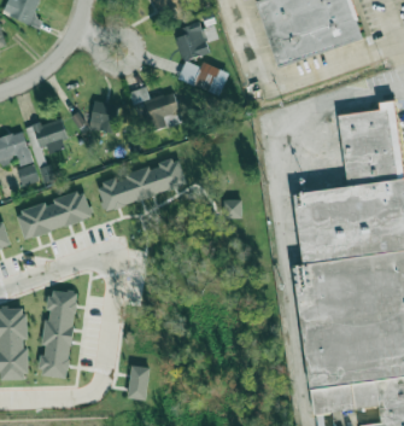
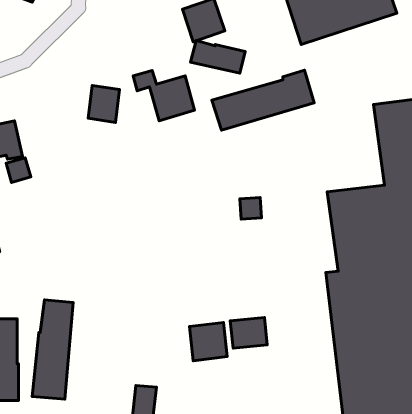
building: [24,117,66,153] -> none
building: [94,157,185,210] -> [212,70,314,130]
building: [14,191,90,238] -> none
building: none -> [230,318,267,348]
building: none -> [190,322,227,361]

